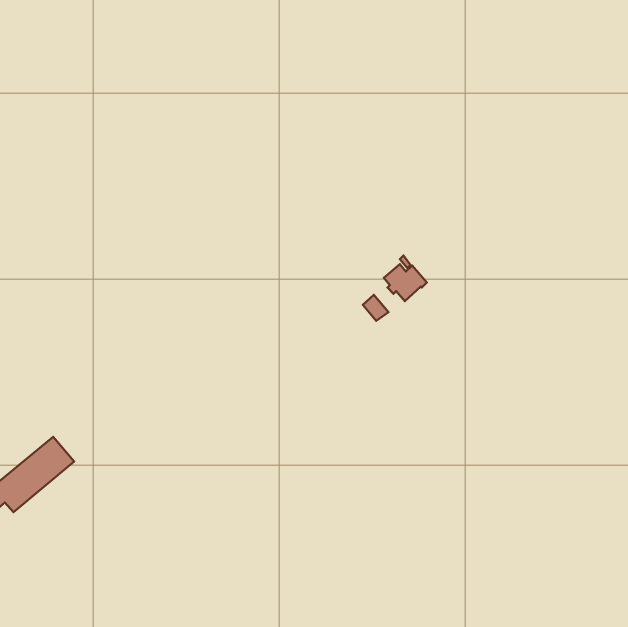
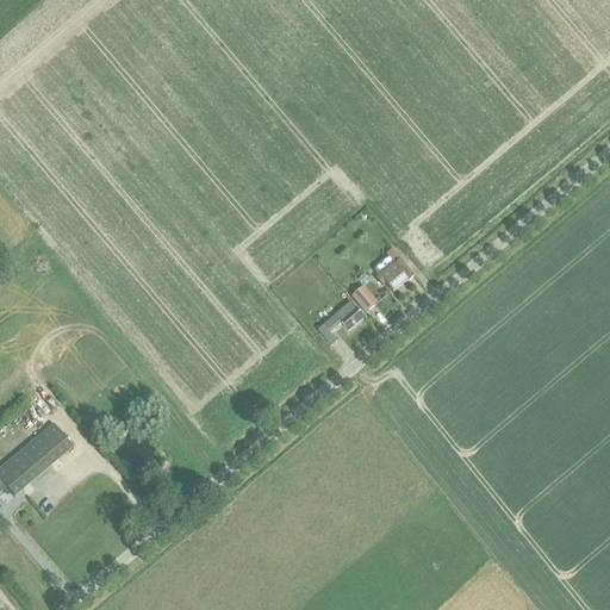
building: none -> [317,301,362,343]

